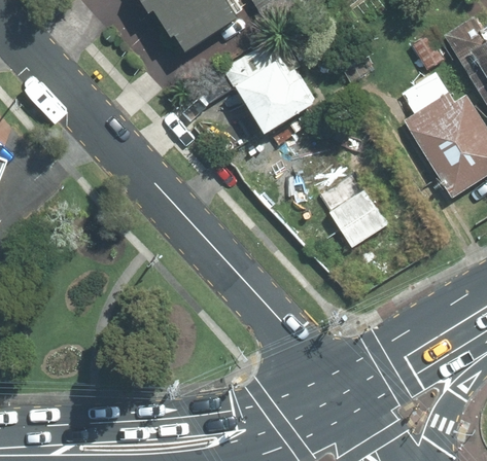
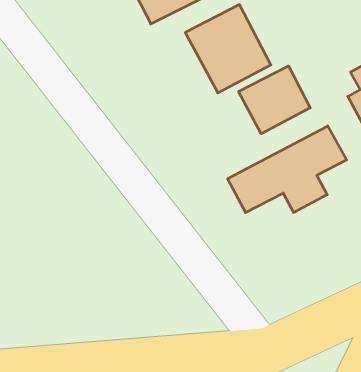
building: none -> [239,66,310,134]

